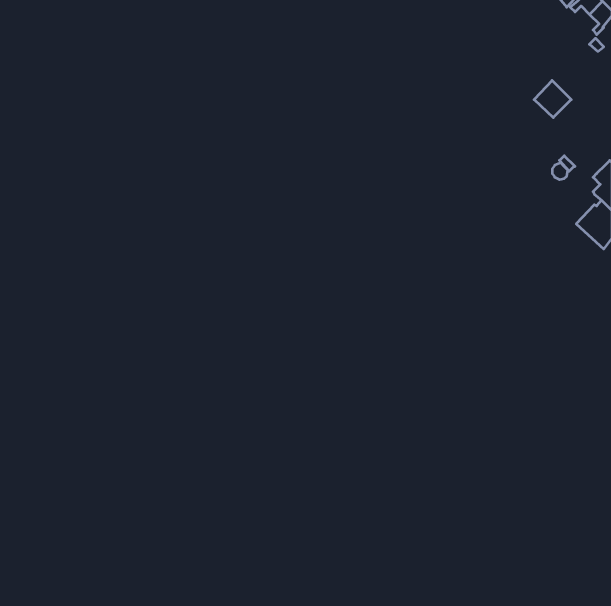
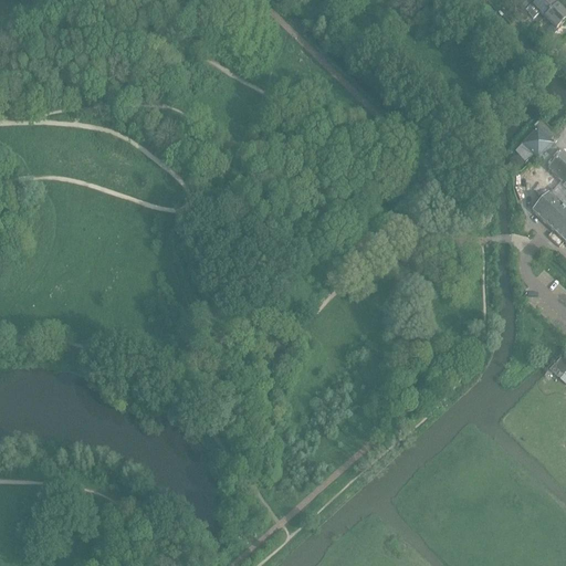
building: [534,80,571,118] -> [522,122,556,156]

